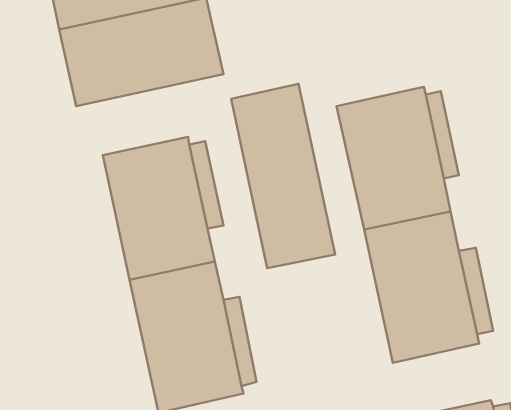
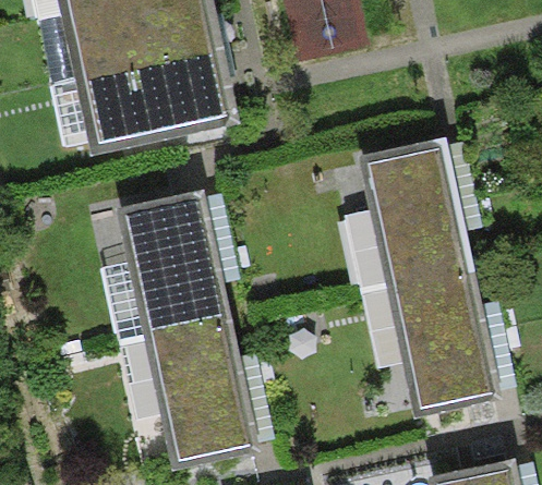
building: [231,84,335,268] -> none

